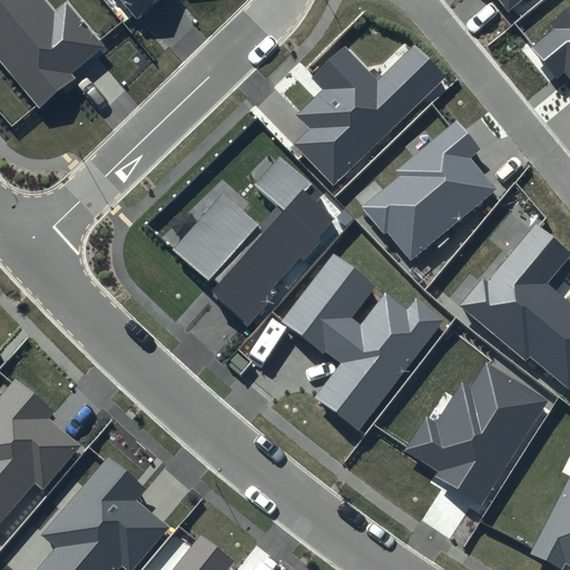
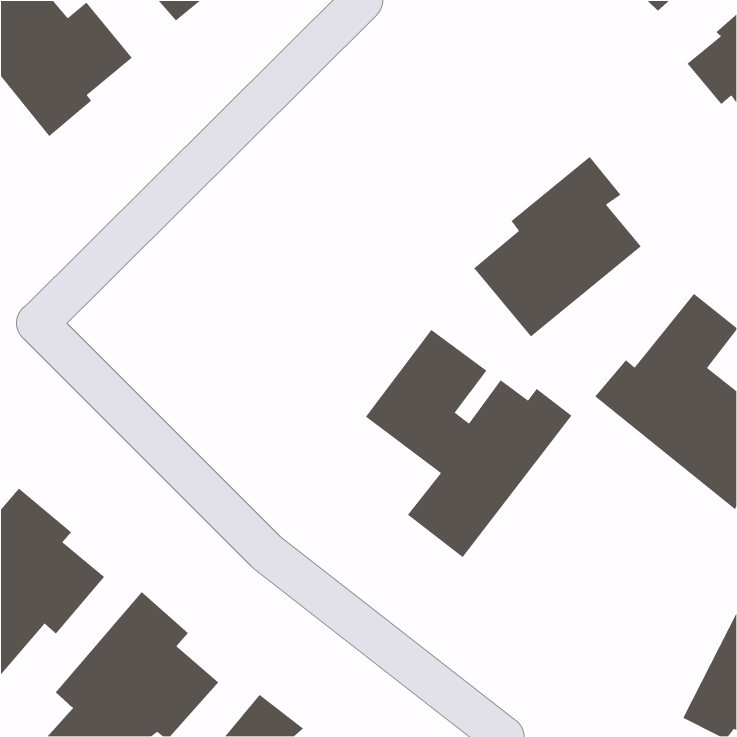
building: [294,43,446,185] -> none
building: [176,155,335,323] -> none
building: [405,365,546,507] -> none

